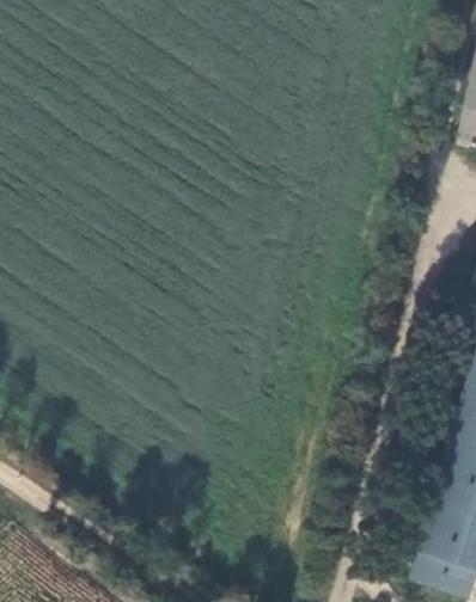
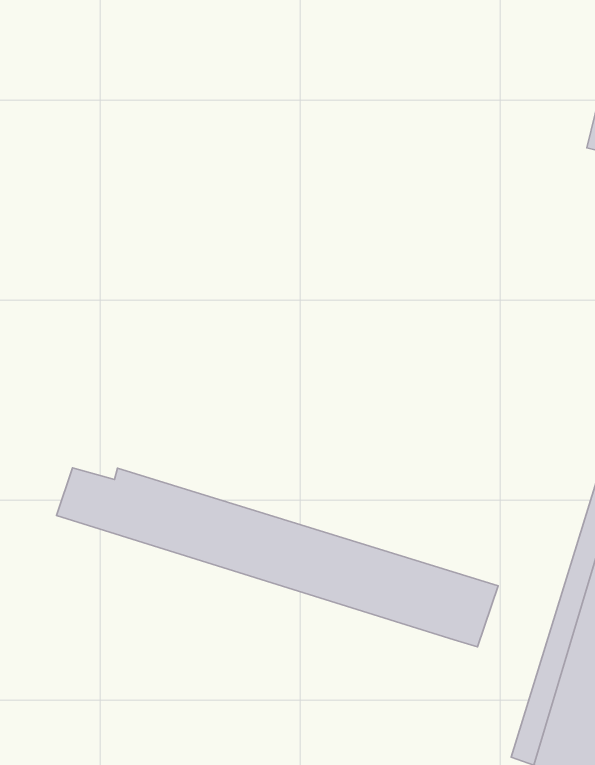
building: none -> [56,468,498,647]

